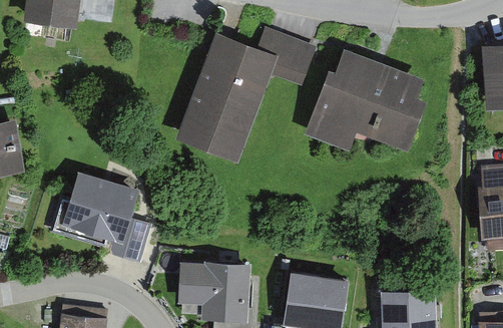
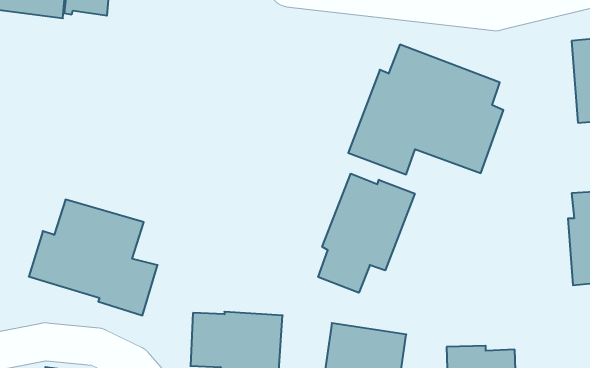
building: [174,28,316,162] -> none
building: none -> [318,174,415,293]

